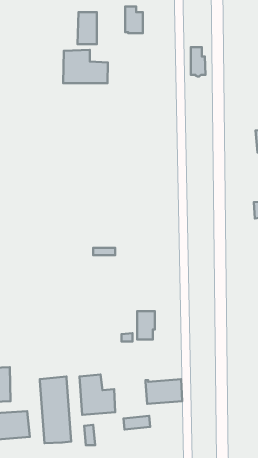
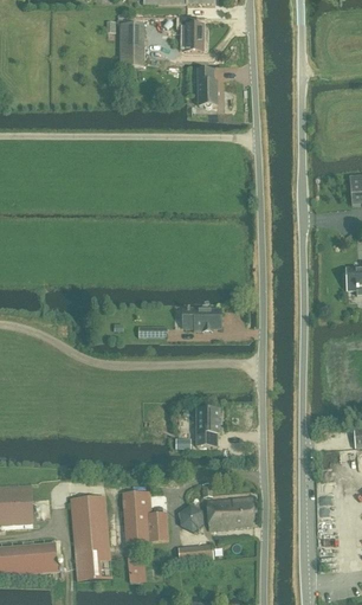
building: [191,47,206,77] -> [198,70,216,108]
building: [63,50,108,83] -> none
building: none -> [182,309,219,330]
building: none -> [177,501,203,530]

